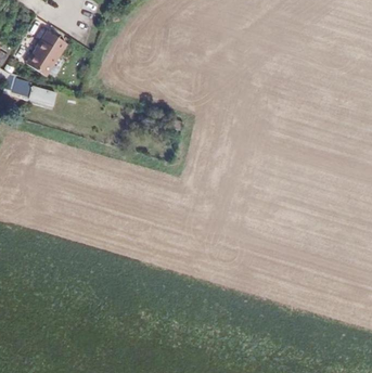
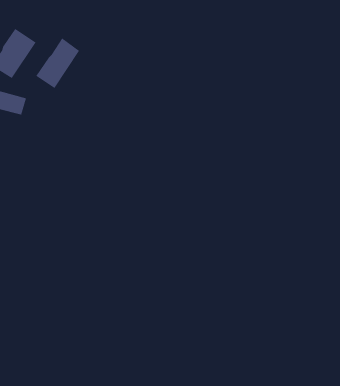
building: none -> [36,38,80,89]

